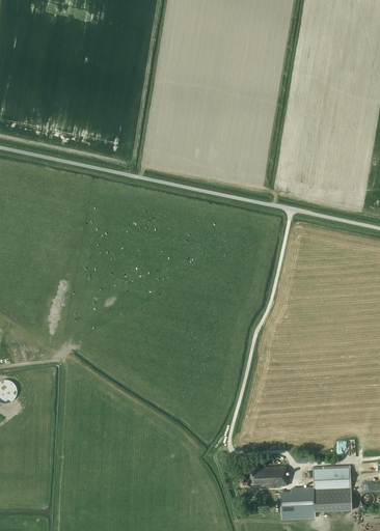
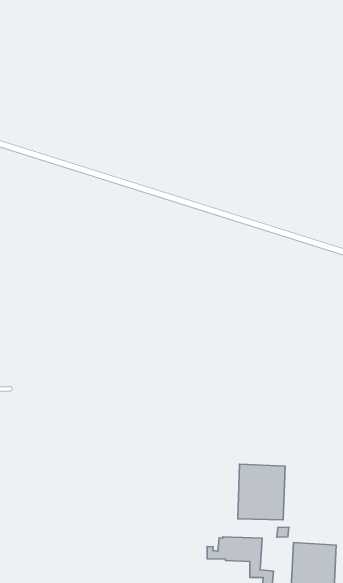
building: none -> [238,464,285,520]

